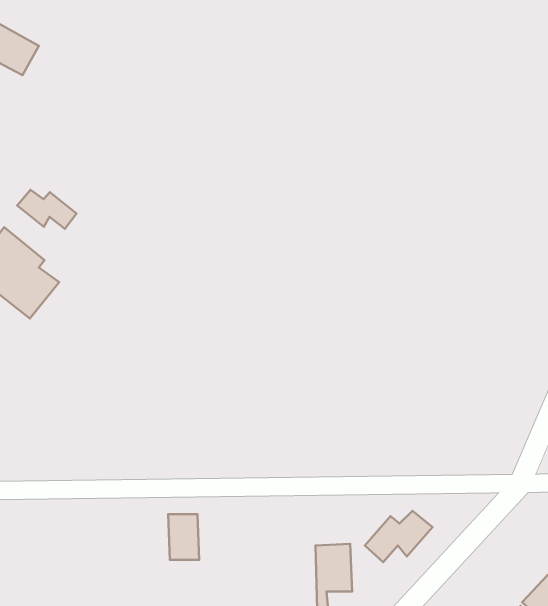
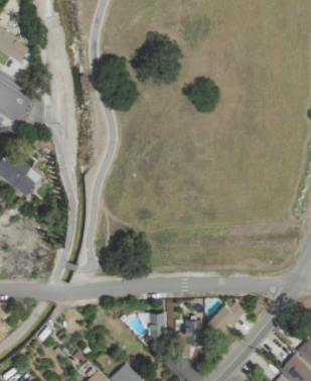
building: [17,190,77,229] -> none
building: [168,514,199,560] -> [148,312,165,338]

